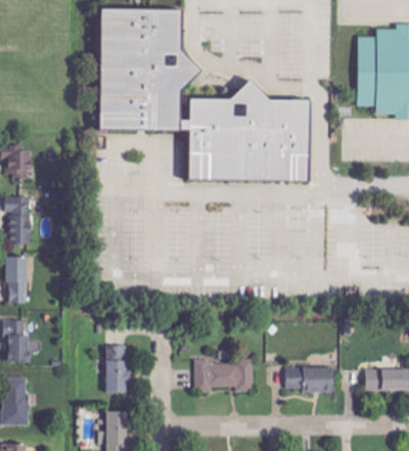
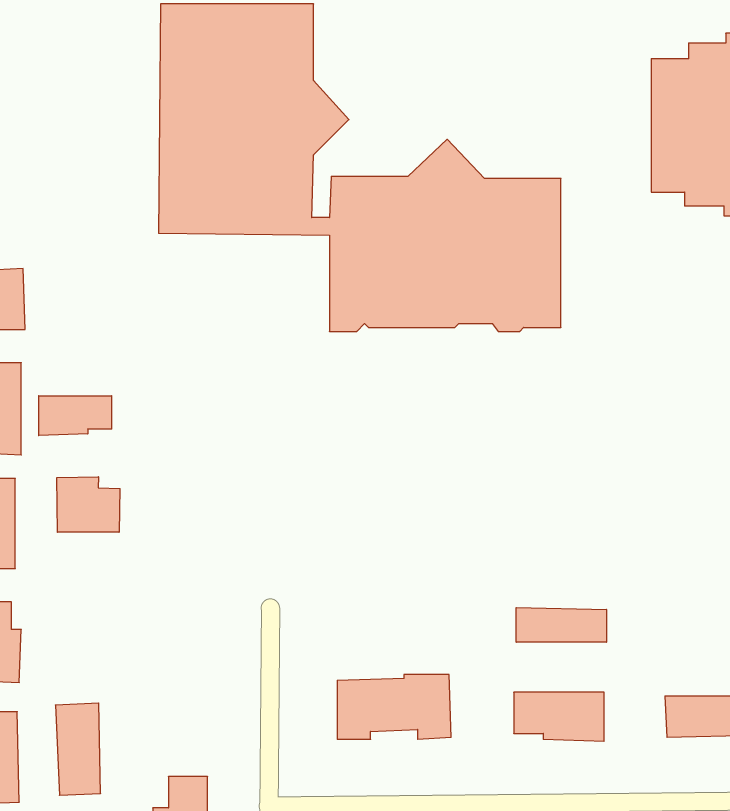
building: none -> [39,396,112,436]
building: none -> [57,477,120,532]
building: none -> [516,608,606,642]
building: [104,346,128,394] -> [55,703,101,795]

